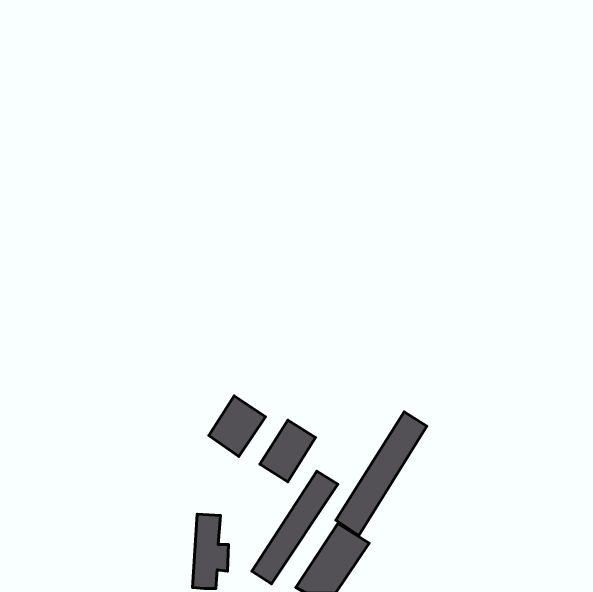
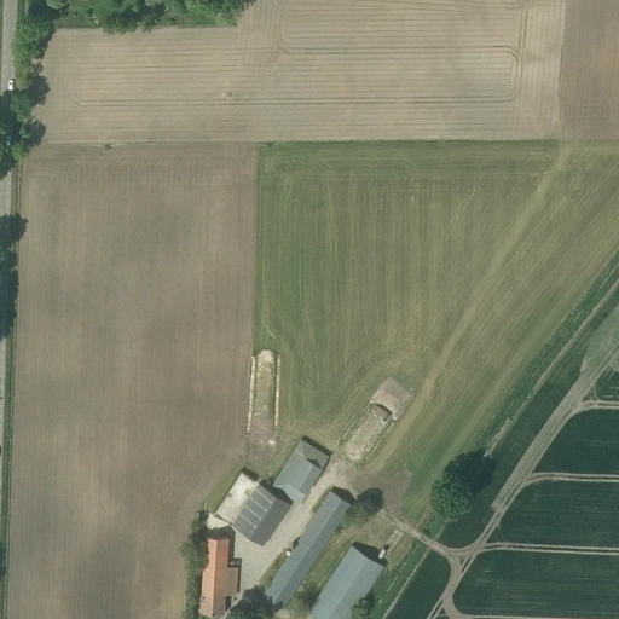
building: [209,396,266,456] -> [232,484,291,546]
building: [336,412,427,536] -> none

